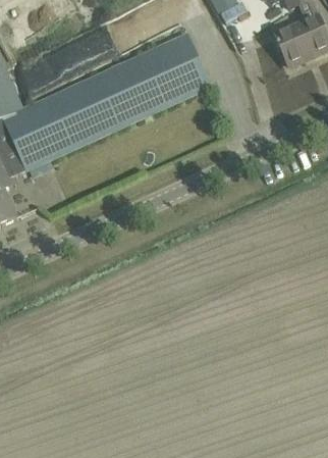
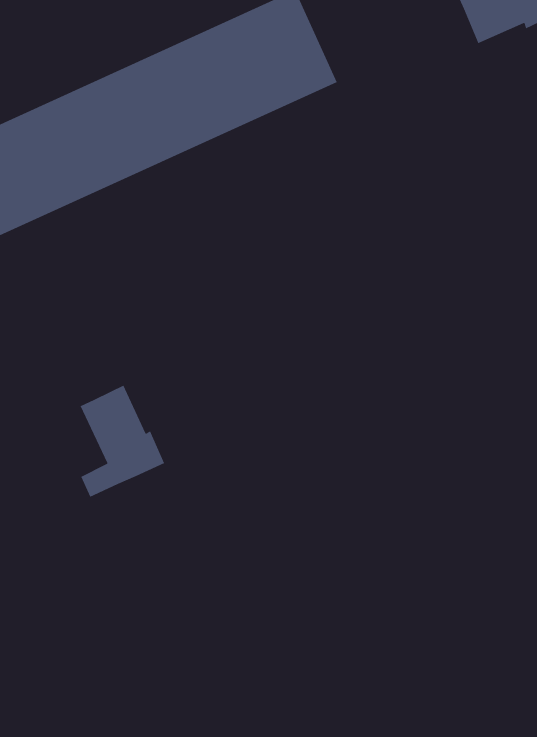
building: none -> [80,385,165,498]

